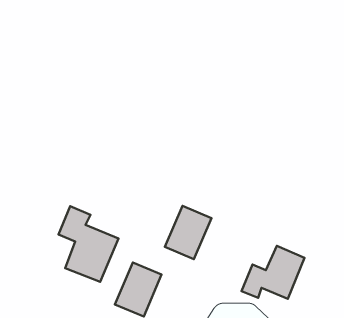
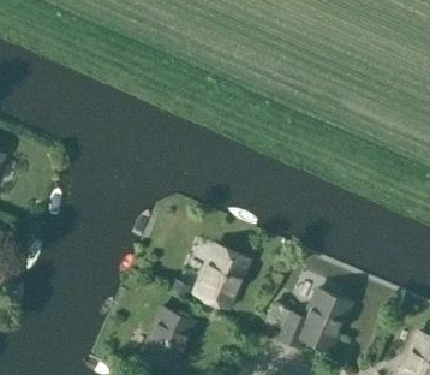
building: [59,206,118,282] -> none

